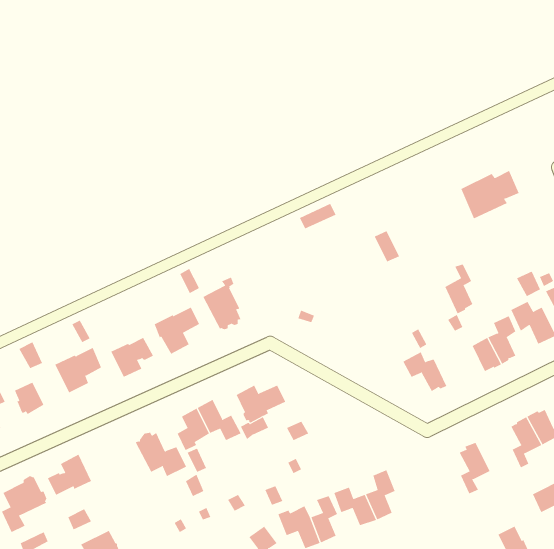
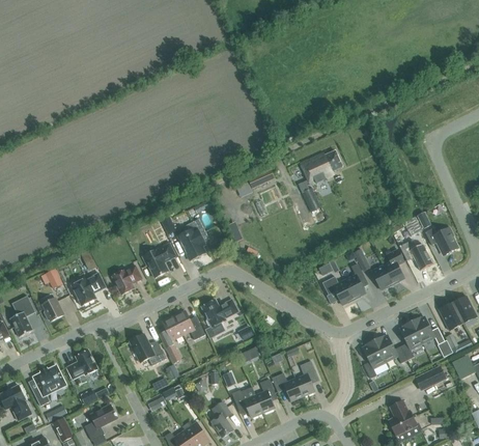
building: [461,170,520,219] -> [300,149,342,185]
building: [444,264,473,314] -> [344,263,365,300]
building: none -> [374,335,406,362]

